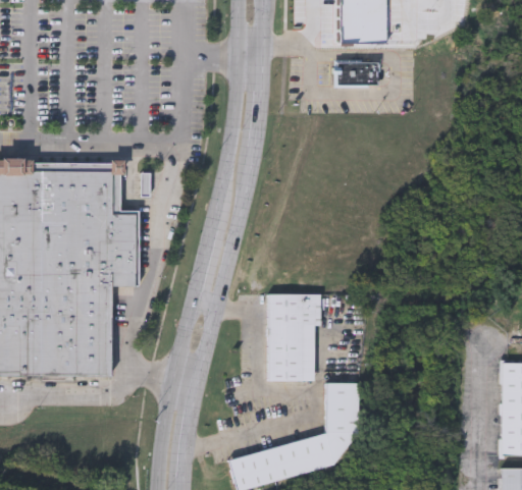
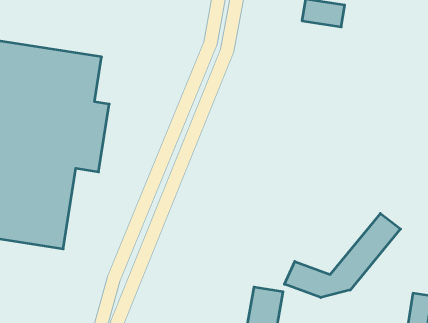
building: none -> [284,213,401,298]
building: [266,294,319,381] -> none

